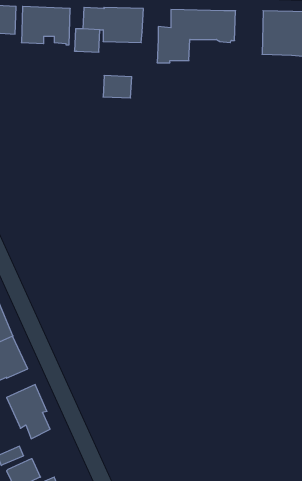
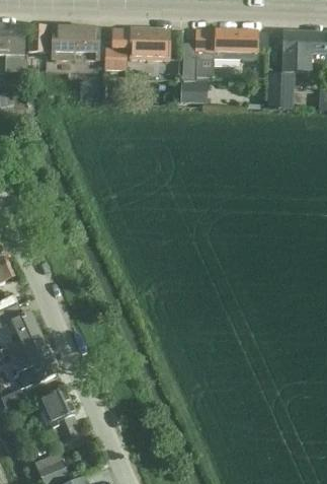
building: none -> [266,71,292,102]
building: [103,76,132,98] -> [179,81,207,102]

